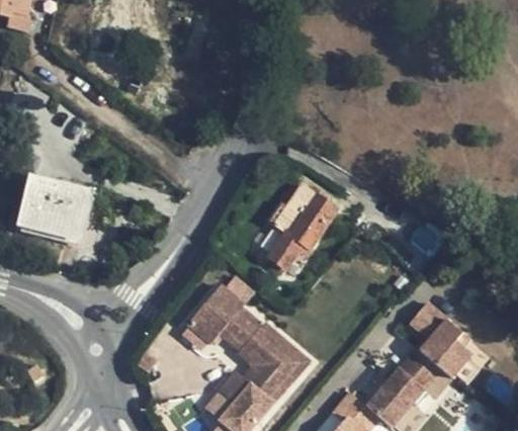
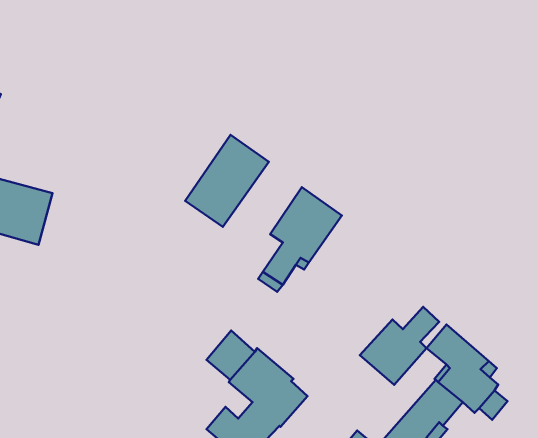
building: none -> [185,135,269,227]
building: [187,287,243,345] -> none
building: none -> [360,307,439,385]

